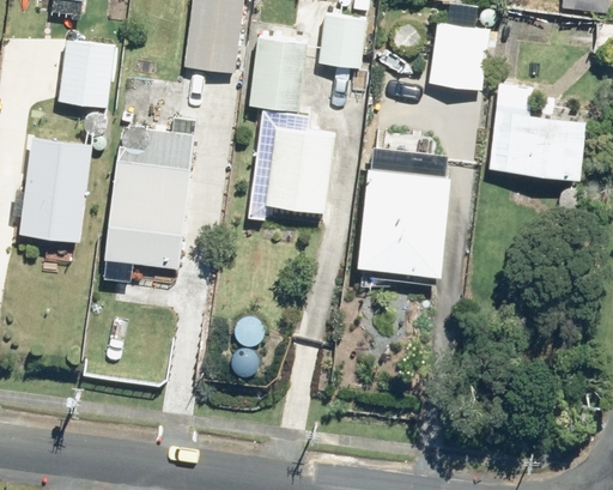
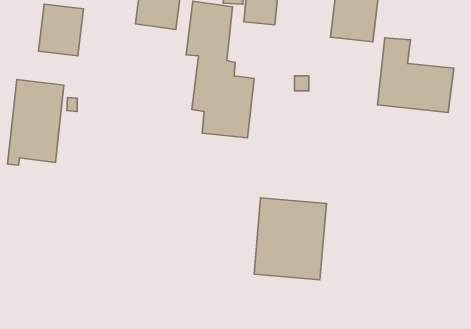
building: [108,115,195,270] -> none
building: [358,171,450,276] -> [254,198,327,280]

